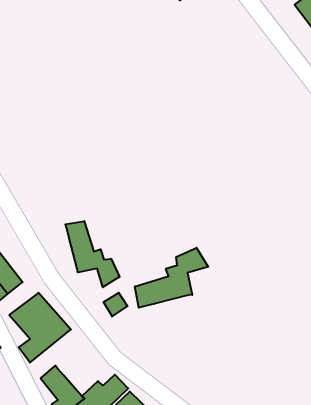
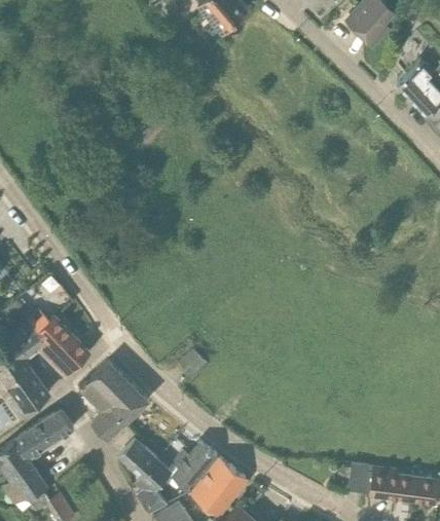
building: [65,221,120,287] -> none
building: [135,248,208,308] -> none

